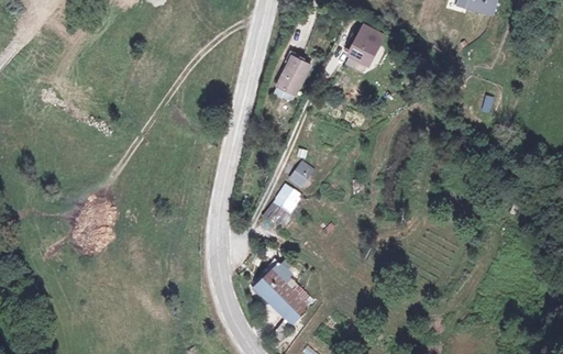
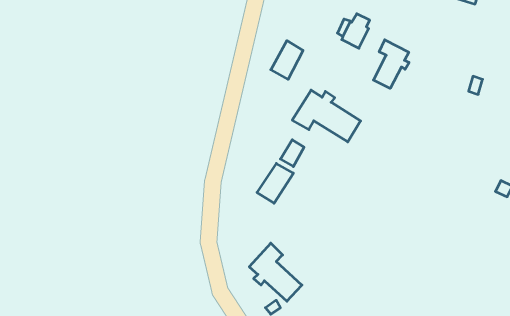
building: none -> [373,40,409,88]
building: none -> [292,90,361,142]

